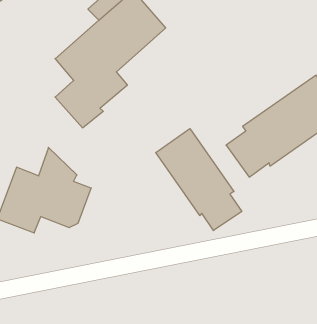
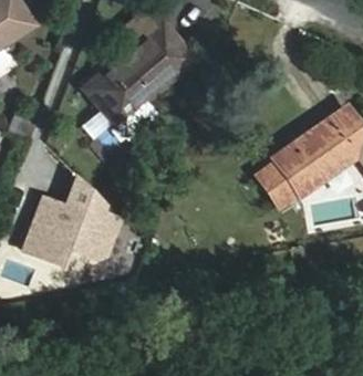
building: [156,129,242,231] -> none

